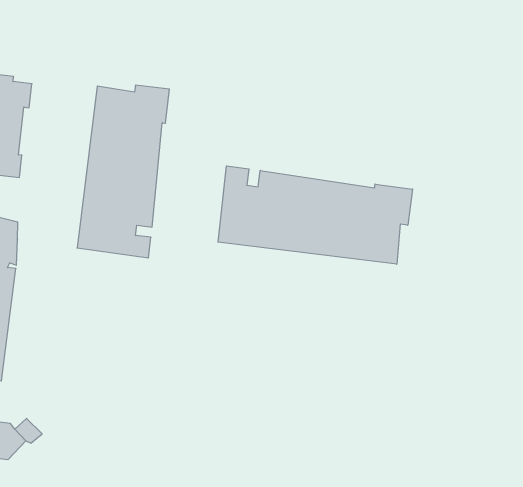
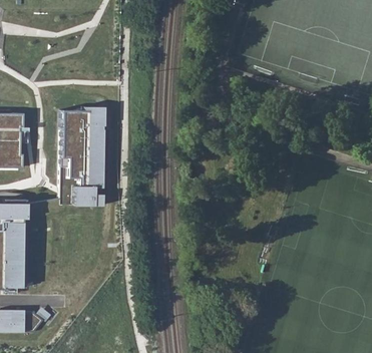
building: [218,166,413,264] -> none

